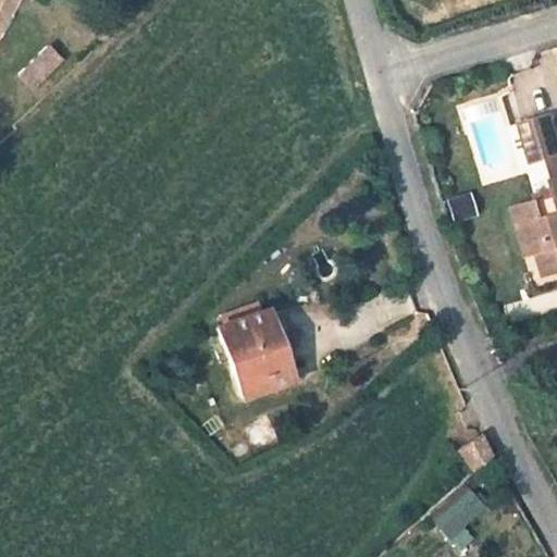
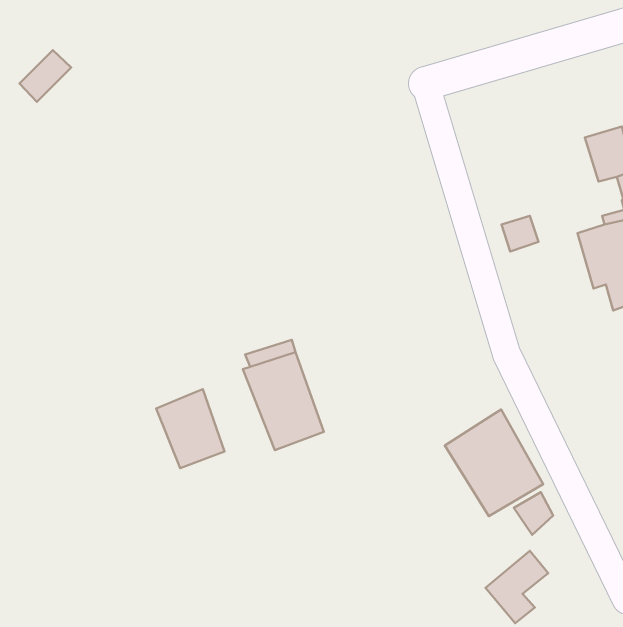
building: none -> [156,389,225,468]
building: none -> [445,409,543,516]

